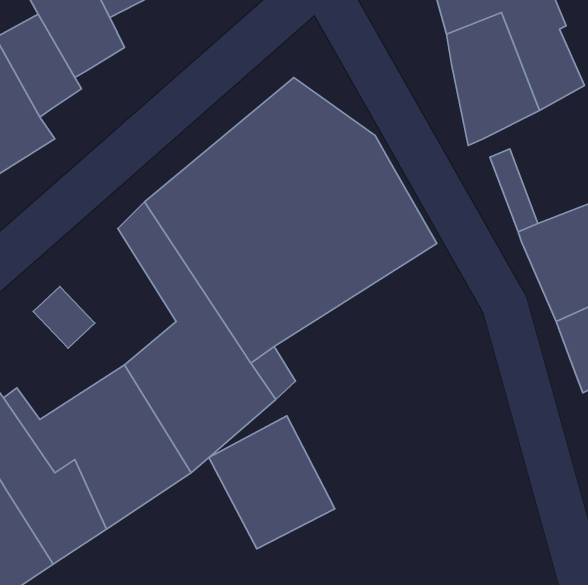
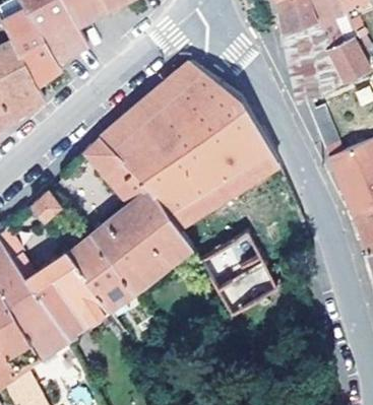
building: [209,416,335,549] -> [200,235,277,317]

